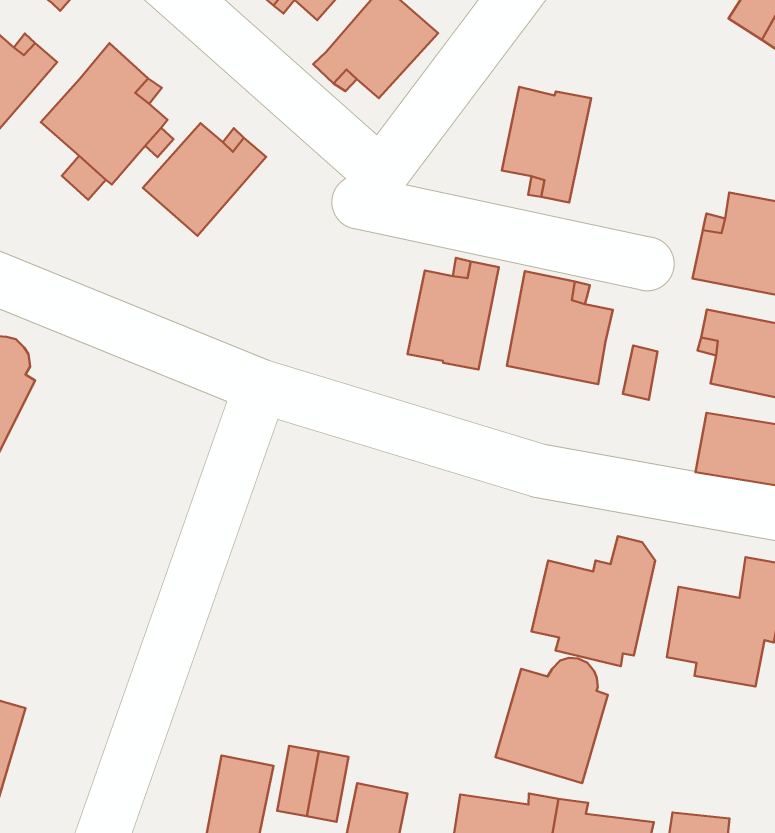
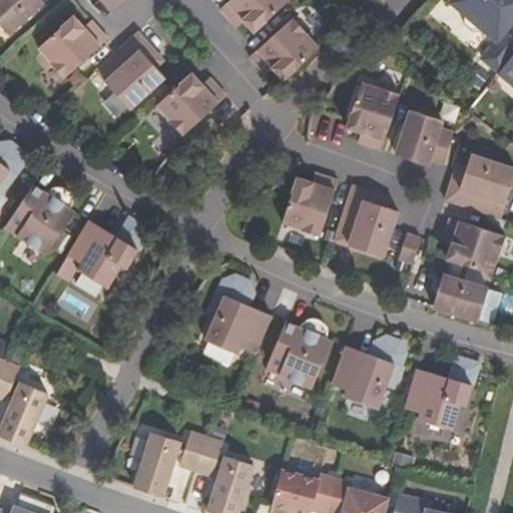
building: none -> [396,109,453,164]
building: none -> [67,218,149,288]
building: none -> [203,276,271,354]
building: [496,658,608,783] -> [265,319,331,389]

